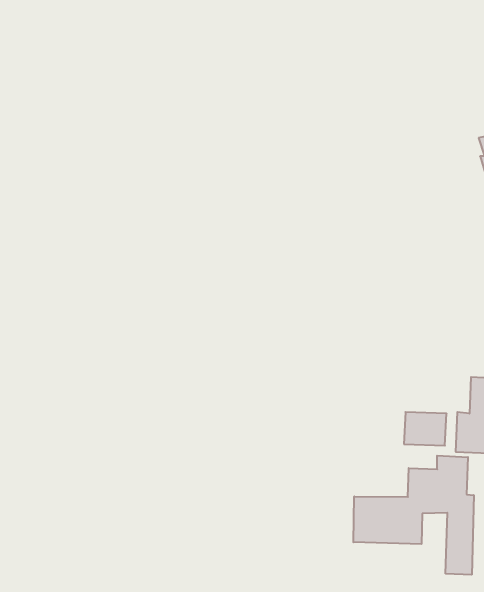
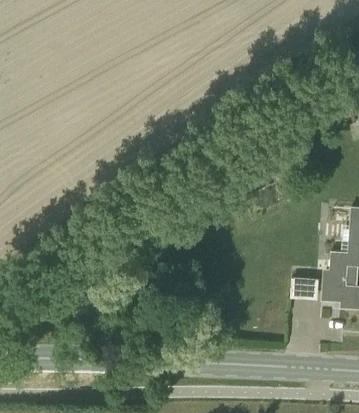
building: [353,456,474,575] -> none

